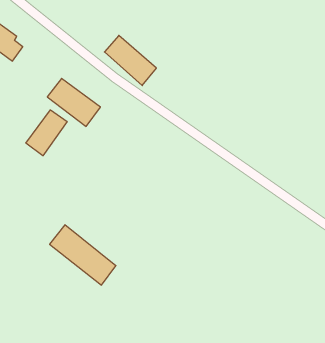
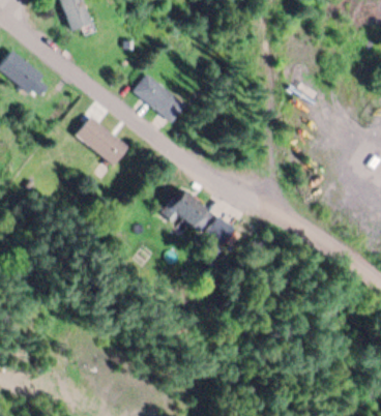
building: [26,110,67,156] -> none
building: [50,225,116,285] -> [168,189,235,250]

